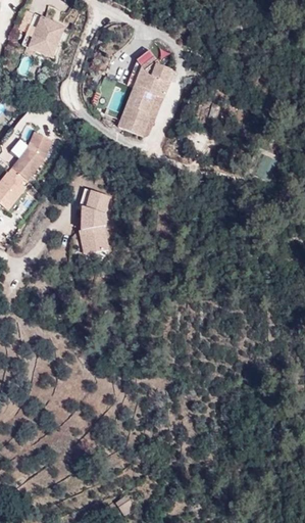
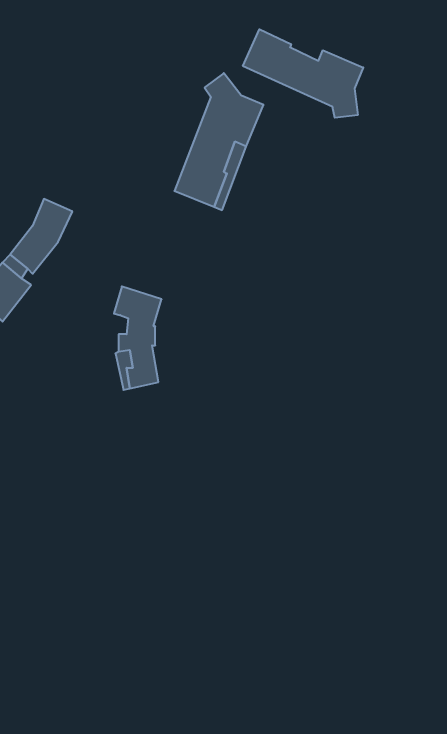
building: [21,13,64,57] -> none
building: none -> [243,29,363,118]

